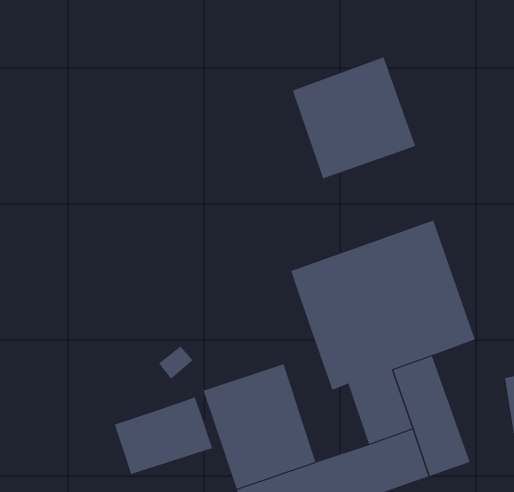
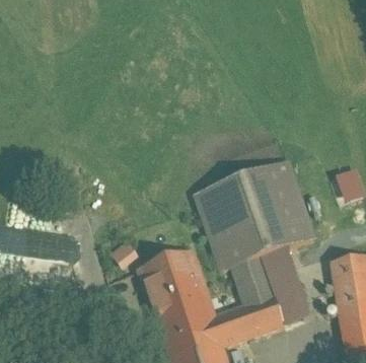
building: [292,56,416,179] -> none
building: [114,396,213,475] -> none

